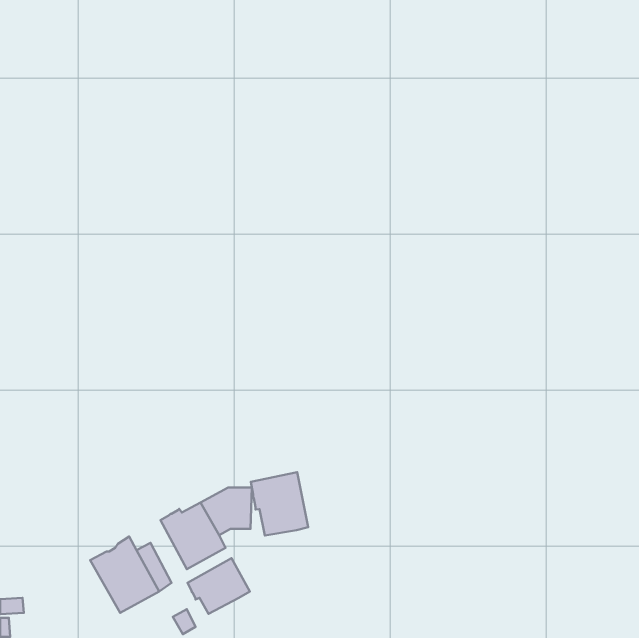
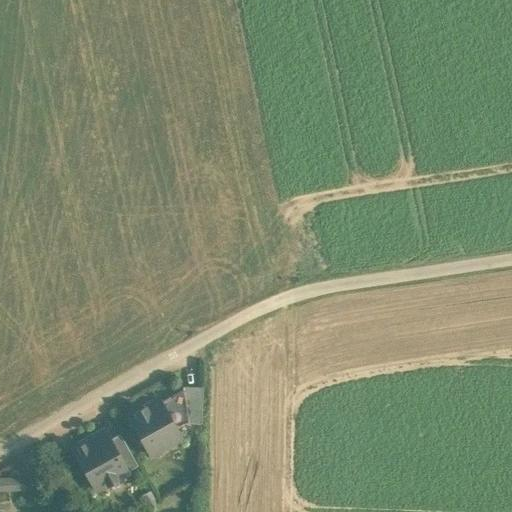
building: [251,472,308,535] -> none
building: [187,558,250,614] -> none

